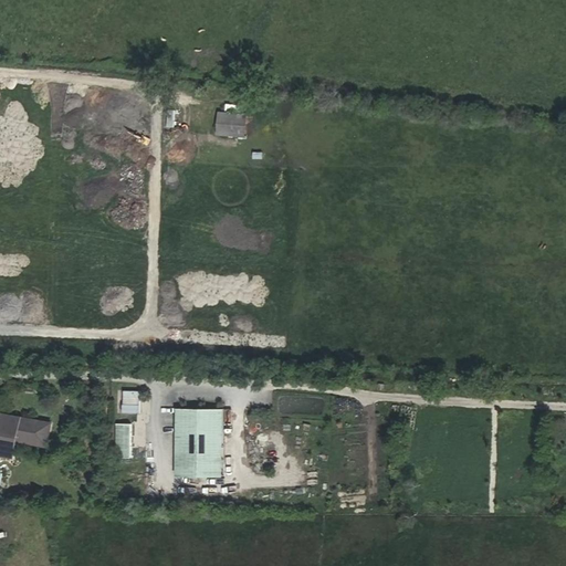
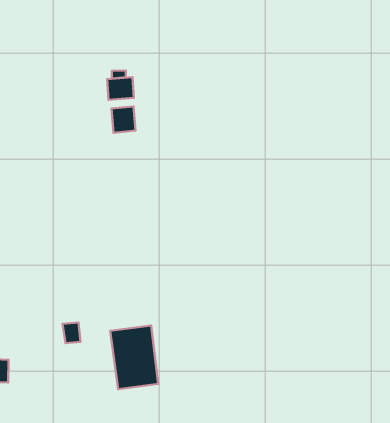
building: none -> [112,106,135,133]
building: [114,423,130,459] -> none

